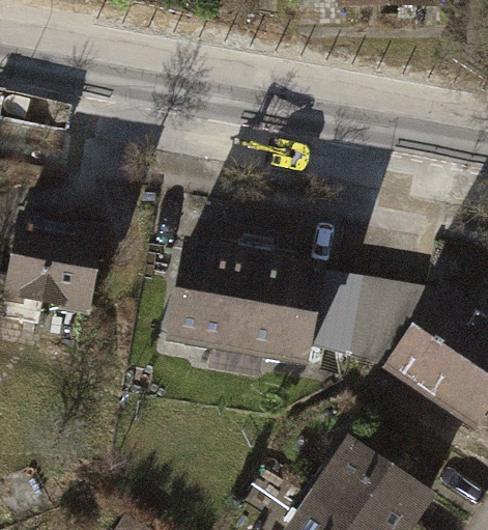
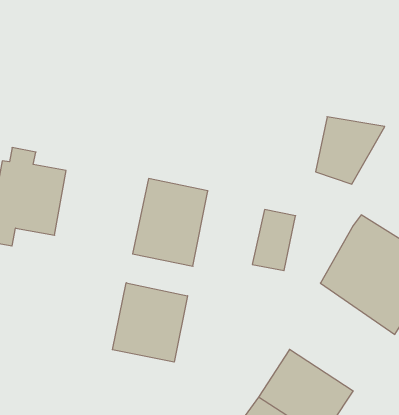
building: [239,257,324,359] -> none
building: [346,286,427,365] -> [316,117,385,184]
building: none -> [112,283,188,362]

